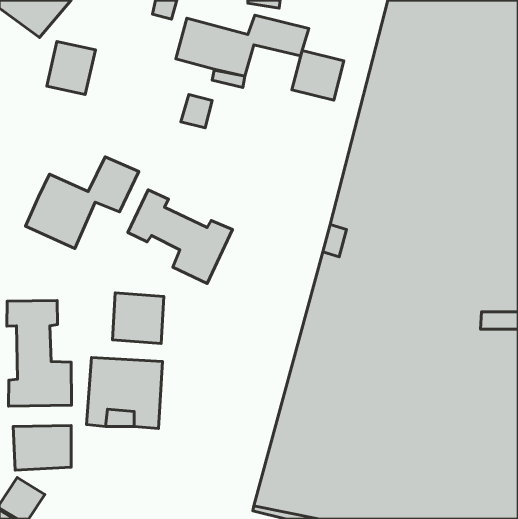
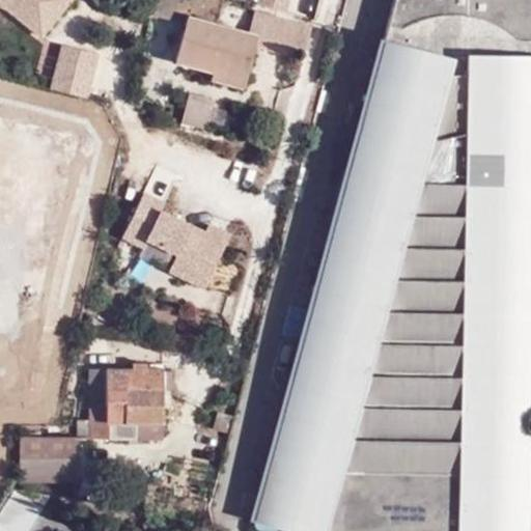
building: [292,51,344,100] -> none
building: [25,157,139,249] -> none
building: [112,293,164,343] -> none
building: [7,300,72,406] -> none

